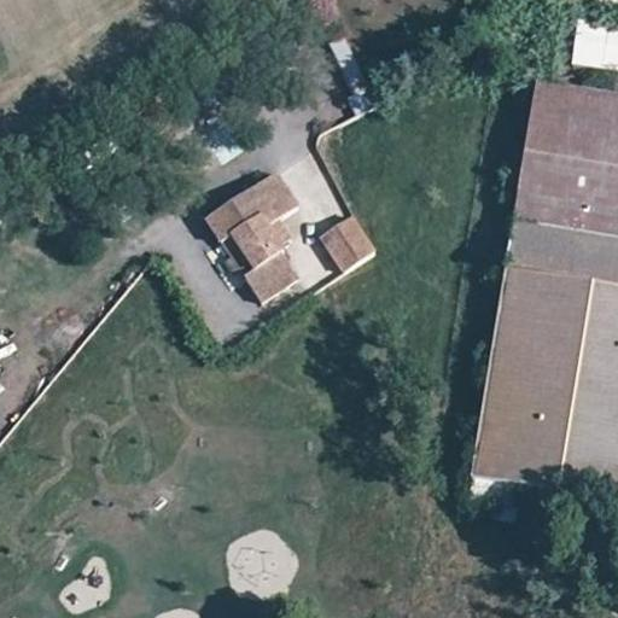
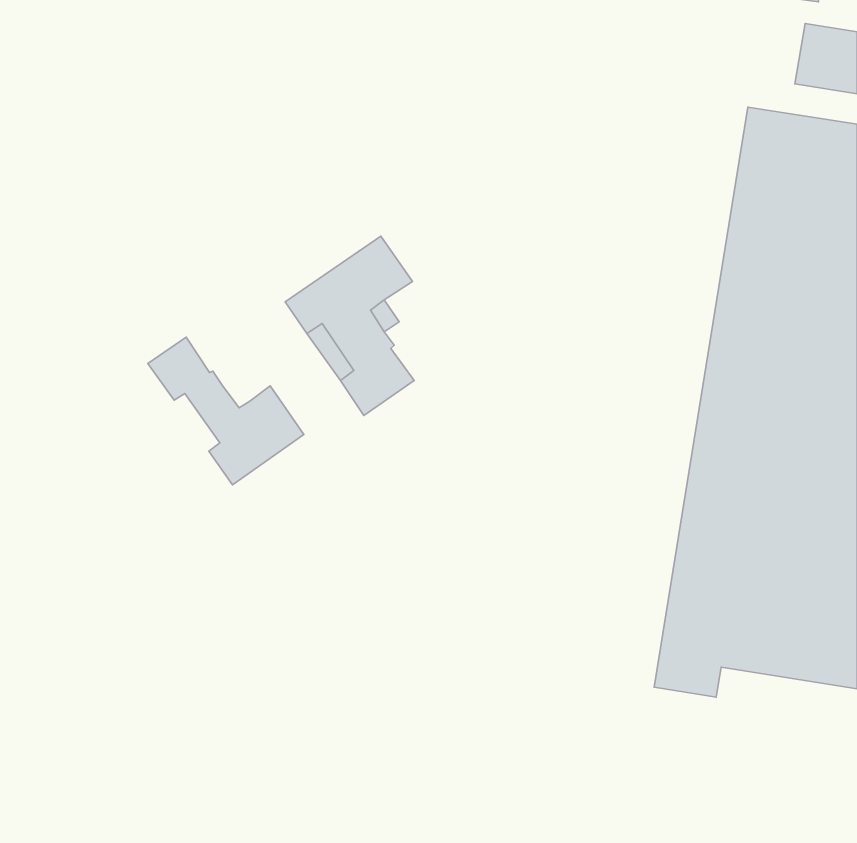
building: [321,210,374,268] -> none
building: none -> [148,337,304,485]

